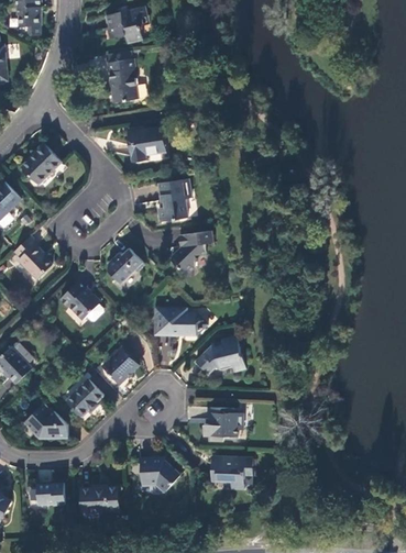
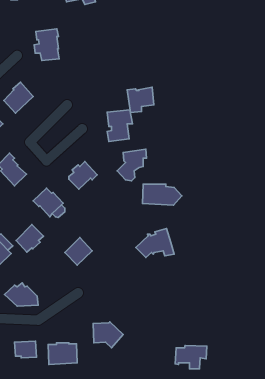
building: [103,58,136,100] -> [34,29,59,61]
building: [128,128,163,161] -> [127,87,154,112]
building: [155,309,207,336] -> [142,184,182,205]
building: [67,380,103,417] -> [16,225,44,252]
building: [204,408,243,442] -> none
building: [211,458,253,489] -> [175,345,207,369]

